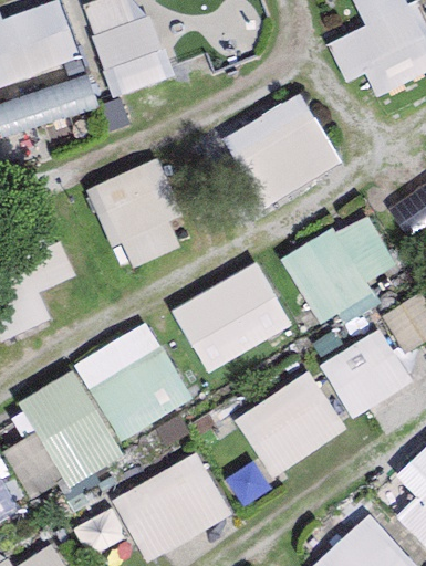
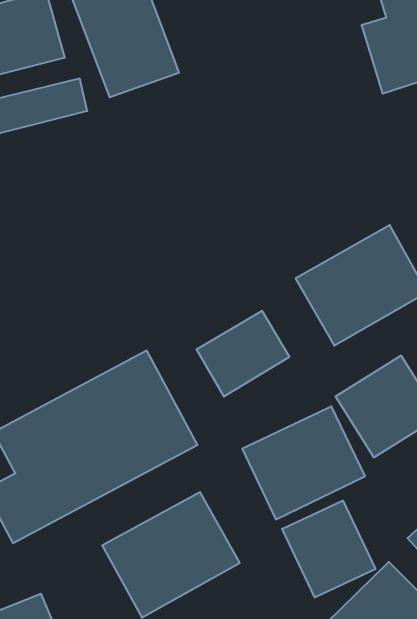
building: [222,91,342,207] -> none
building: [89,160,193,272] -> none
building: none -> [282,501,375,598]

